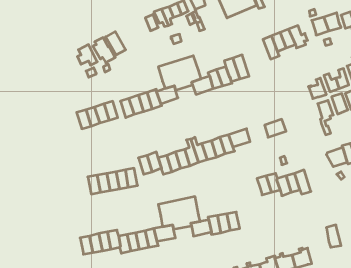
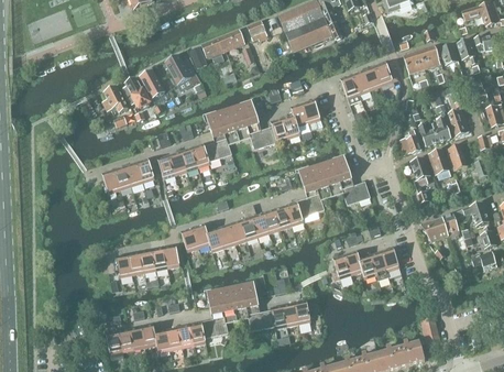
building: none -> [165,54,199,84]
building: none -> [298,154,349,184]
building: none -> [397,340,425,365]

